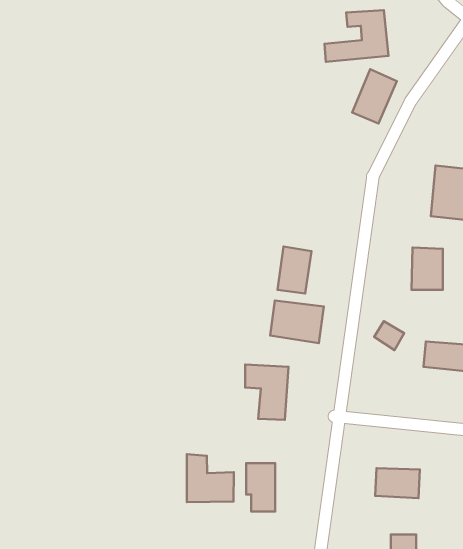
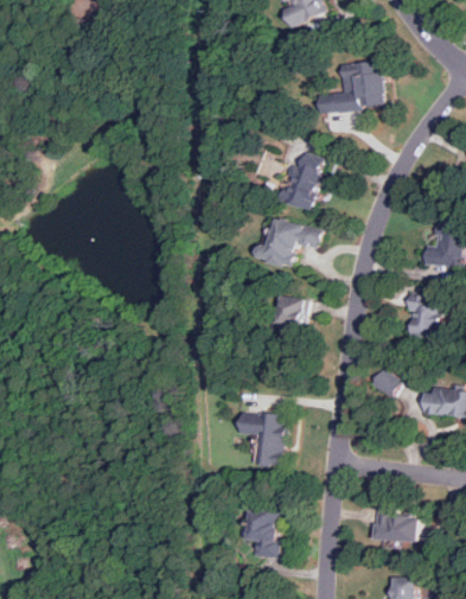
building: [352,69,397,123] -> [281,157,325,210]
building: none -> [258,218,324,267]
building: [270,301,324,343] -> none
building: [187,454,234,502] -> none

